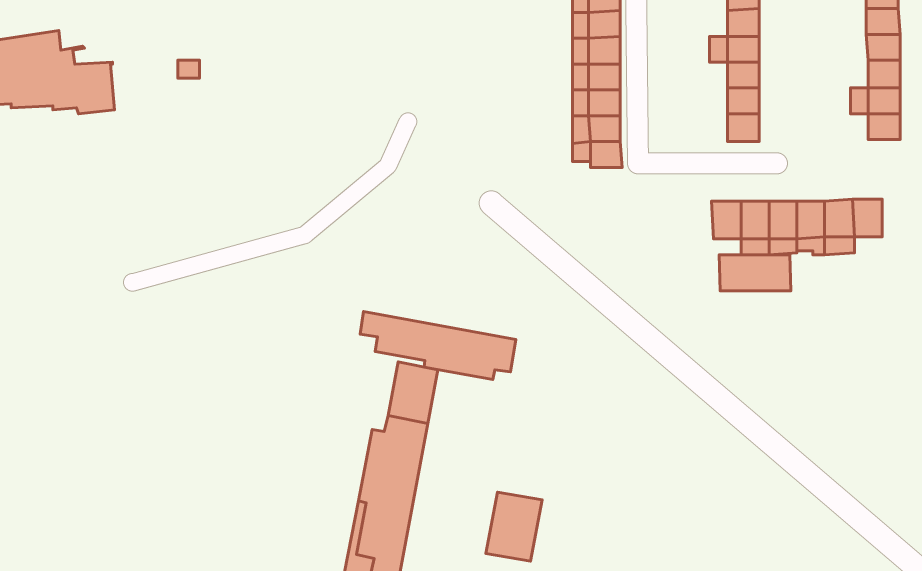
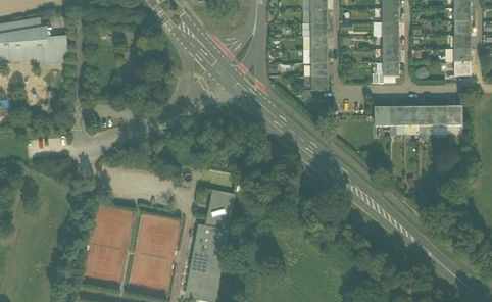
building: [719,255,791,291] -> none
building: [360,311,516,379] -> none
building: [486,492,542,561] -> none

